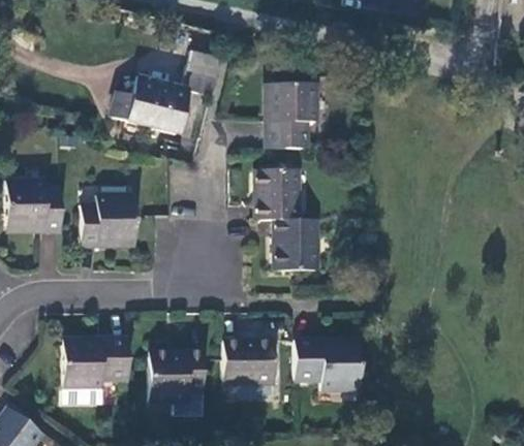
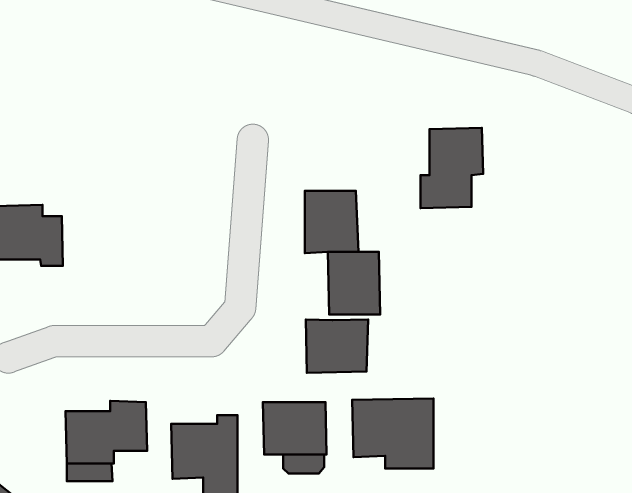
building: [113,51,222,133] -> none
building: [266,82,316,147] -> [421,128,483,208]
building: [82,195,134,245] -> none
building: none -> [306,319,368,373]

